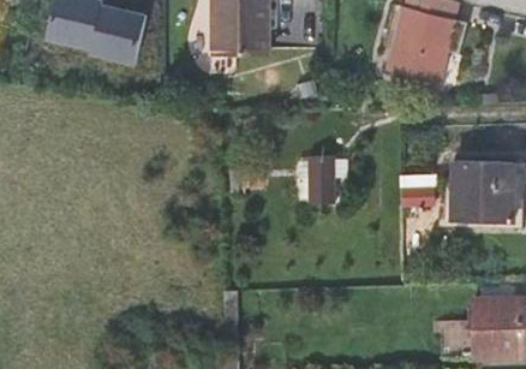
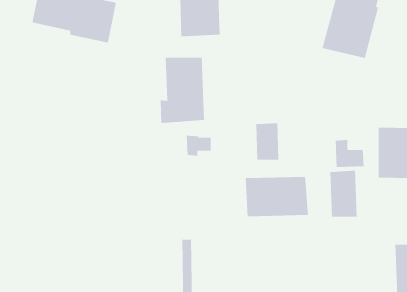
building: none -> [160,57,205,124]
building: none -> [329,170,357,218]
building: none -> [245,176,309,217]

